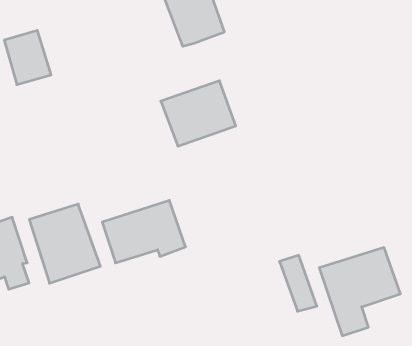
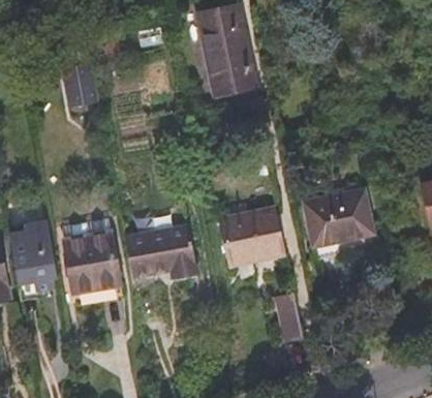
building: [161,81,236,146] -> [222,211,284,263]
building: [319,248,400,336] -> [307,193,374,265]

